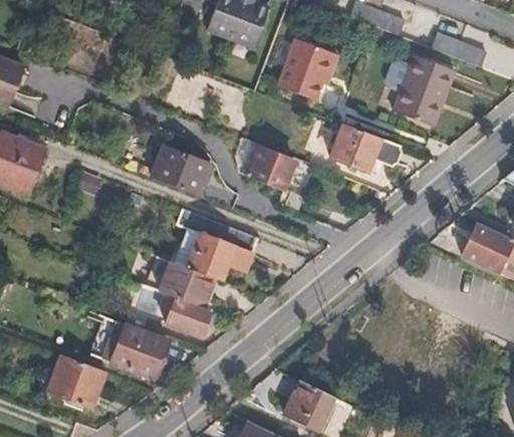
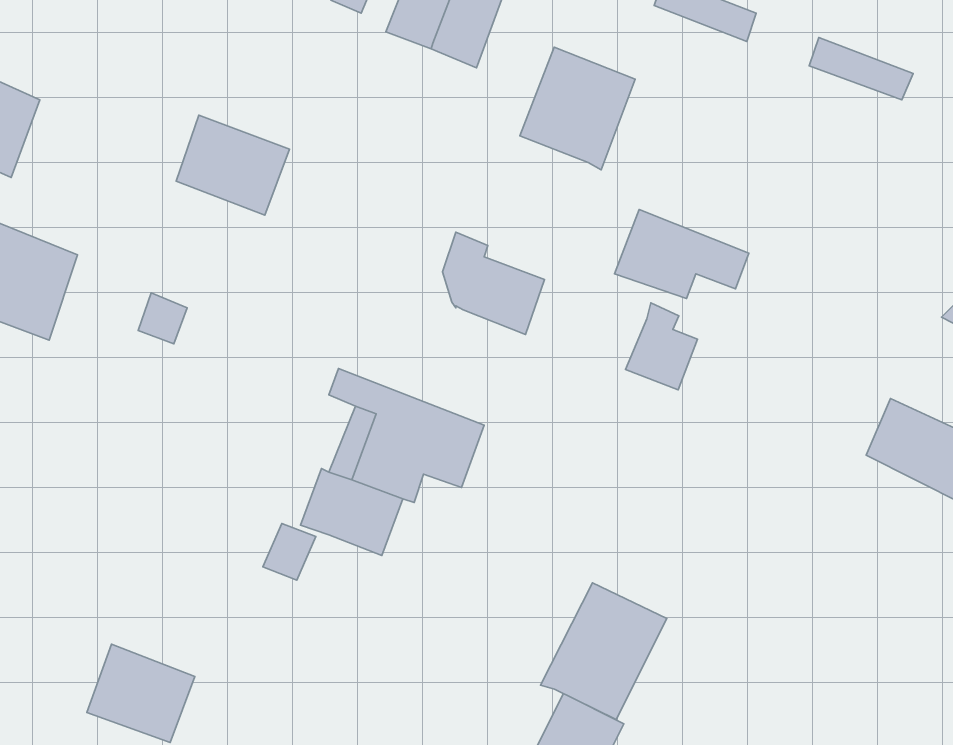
building: [383,54,456,128] -> none
building: [150,143,210,196] -> [176,115,289,215]
building: none -> [625,303,698,390]
building: [168,296,211,338] -> none
building: [98,313,171,378] -> none
building: none -> [541,583,667,719]

